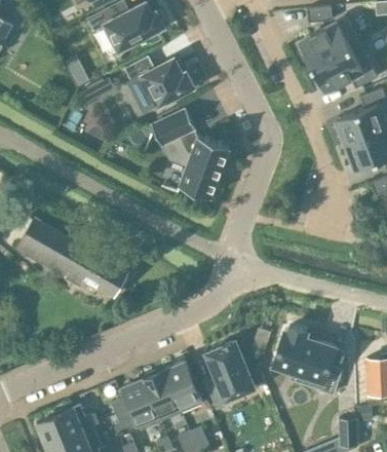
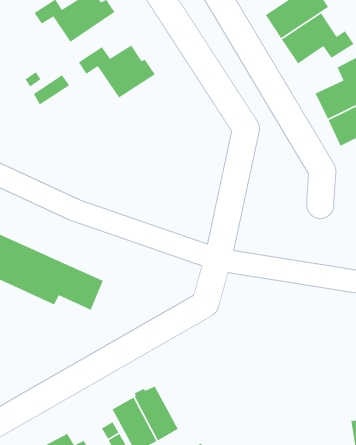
building: [151,111,228,199] -> none
building: [273,327,341,393] -> none
building: [204,341,254,409] -> none
building: [164,362,203,413] -> none

